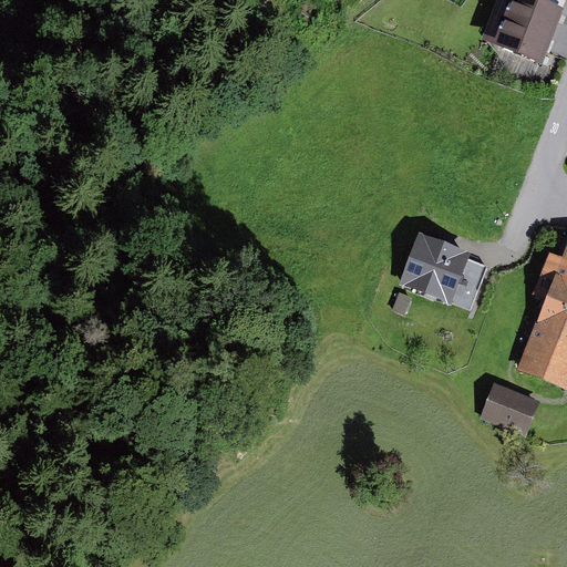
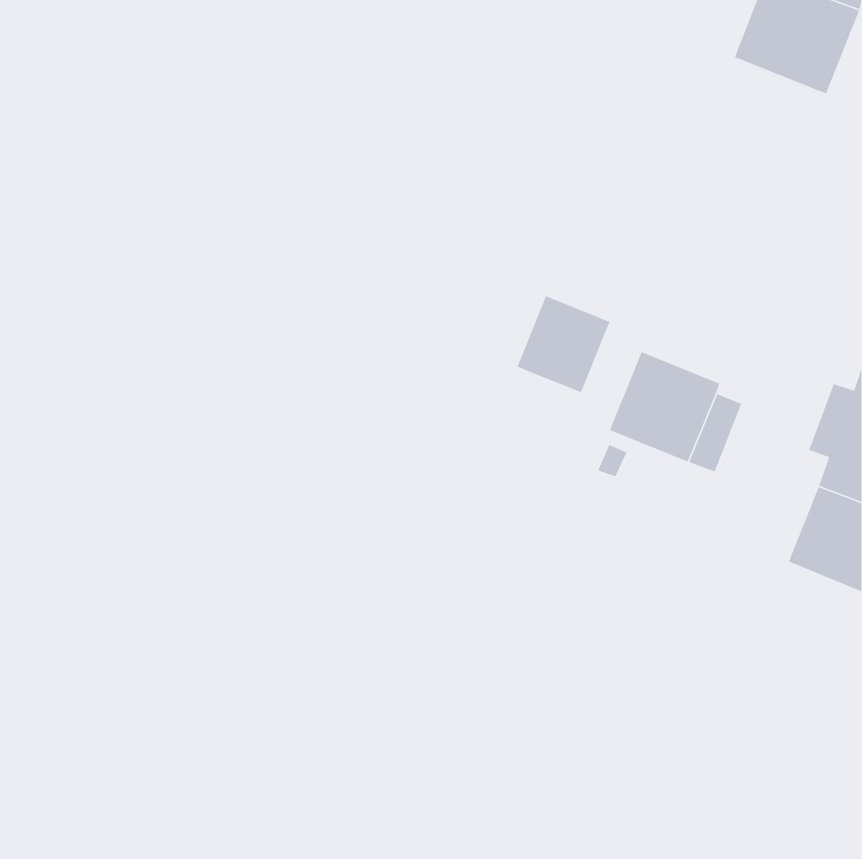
building: none -> [517,295,611,393]
building: [480,383,538,435] -> none

